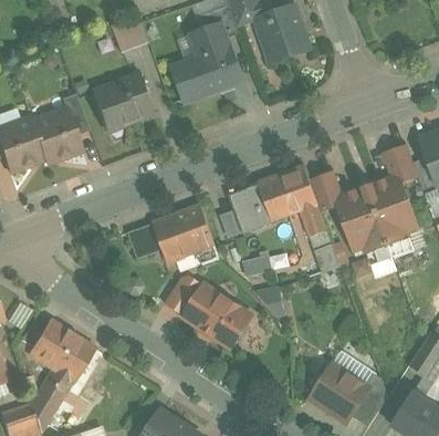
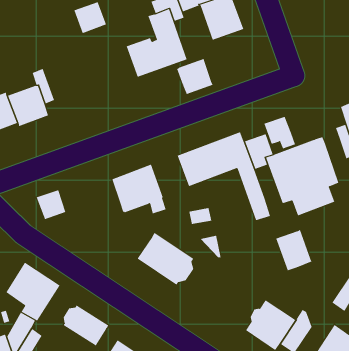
building: [91,74,155,132] -> none
building: none -> [177,58,213,95]
building: [381,143,419,181] -> [263,116,296,149]
building: [127,222,163,258] -> [36,190,66,220]
building: [165,278,200,314] -> none
building: none -> [276,229,312,271]
building: none -> [63,304,109,346]

